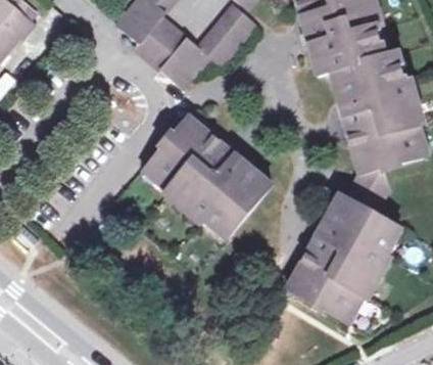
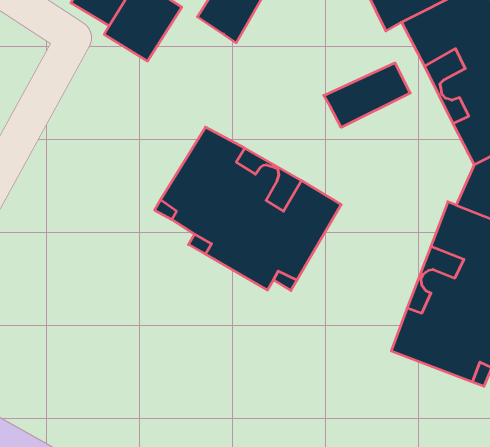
building: [158,37,211,90] -> none
building: none -> [324,63,410,127]

